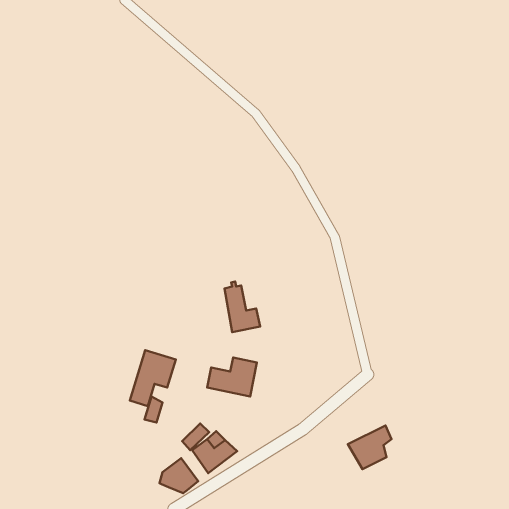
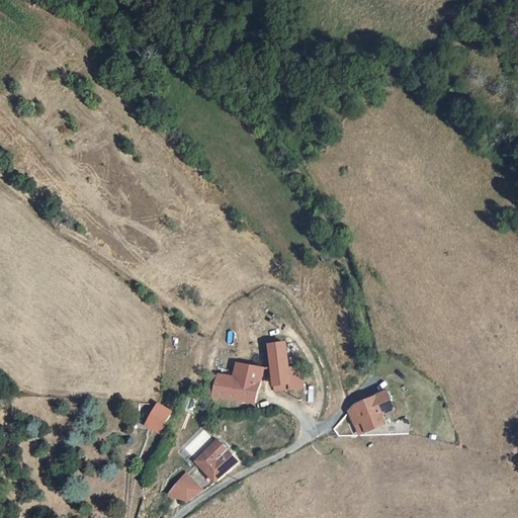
building: [224,282,260,332] -> [264,338,300,390]
building: [130,350,176,406] -> none
building: [348,425,392,469] -> [348,392,393,436]

